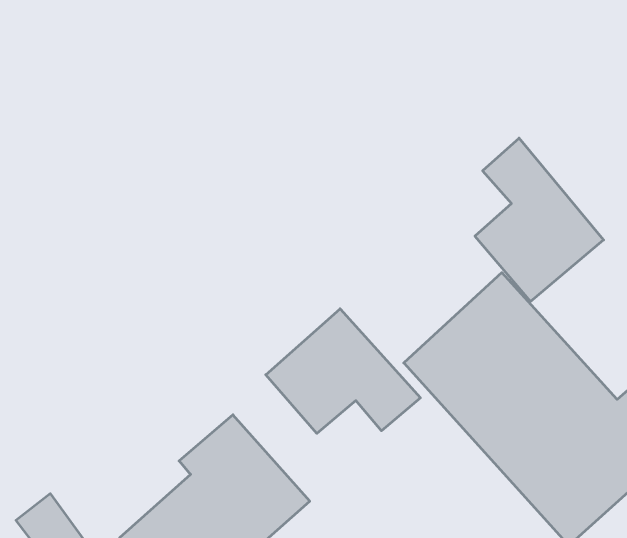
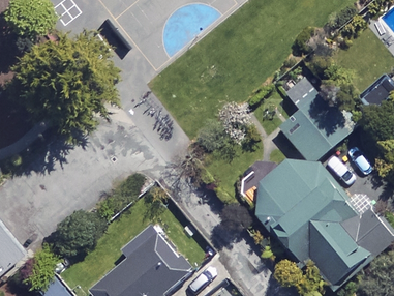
building: [266,309,420,433] -> none

